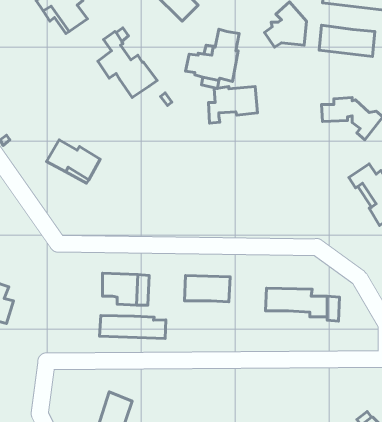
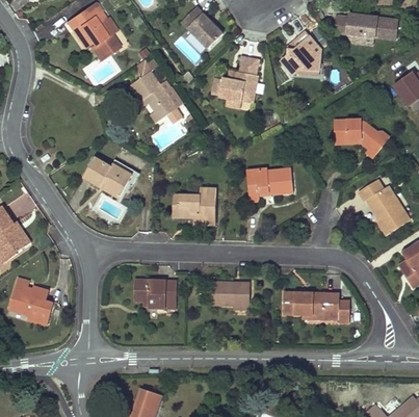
building: [319,25,375,56] -> none
building: [208,87,257,123] -> [248,167,293,201]
building: none -> [173,187,216,224]
building: [100,315,166,338] -> none

